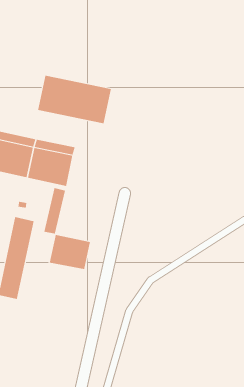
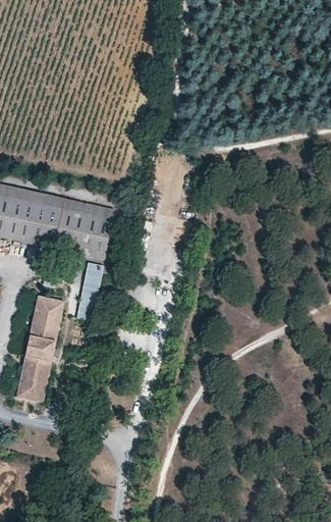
building: [38,75,111,124] -> none
building: [49,234,90,270] -> none

